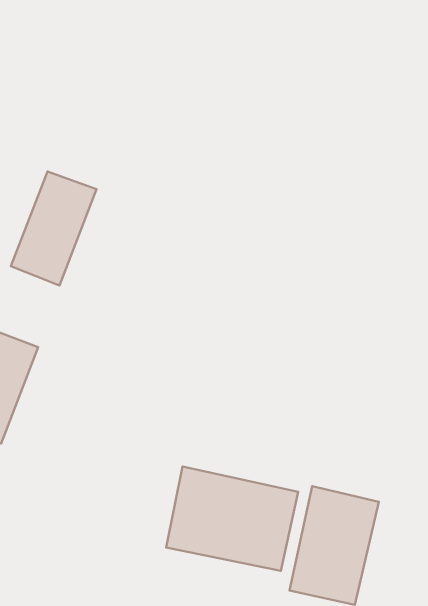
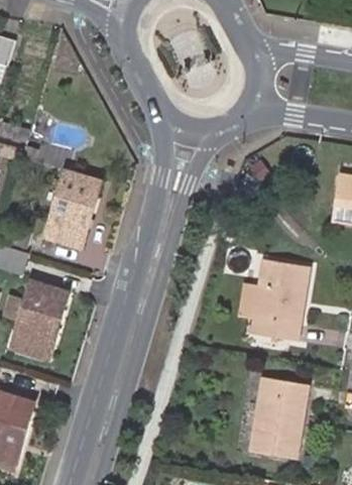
building: none -> [251,258,310,338]
building: [166,466,298,571] -> none

